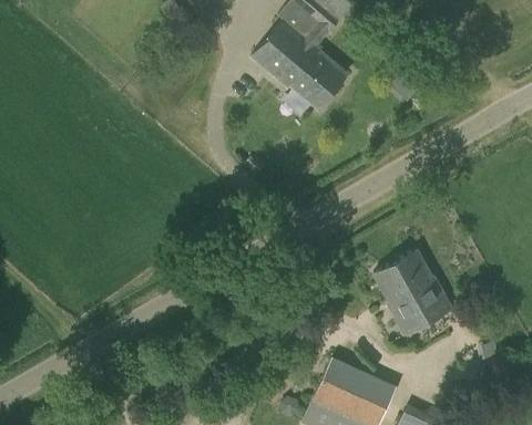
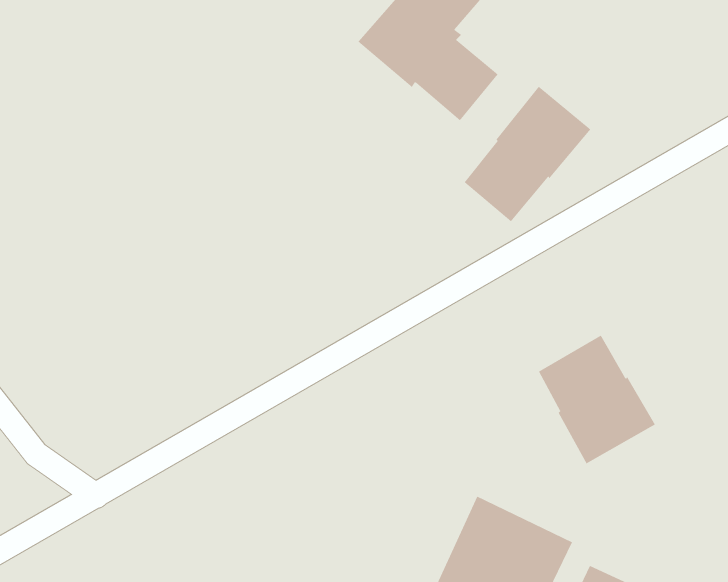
building: none -> [464,86,591,222]

